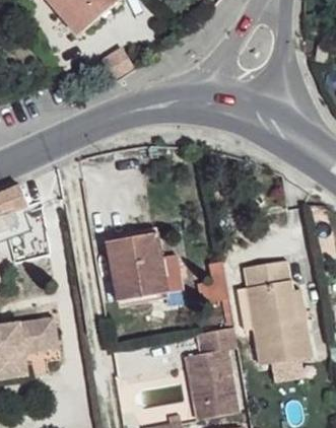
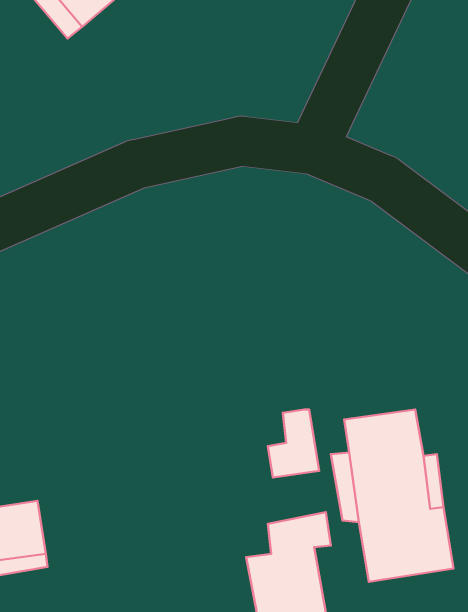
building: [104,231,169,301] -> none

